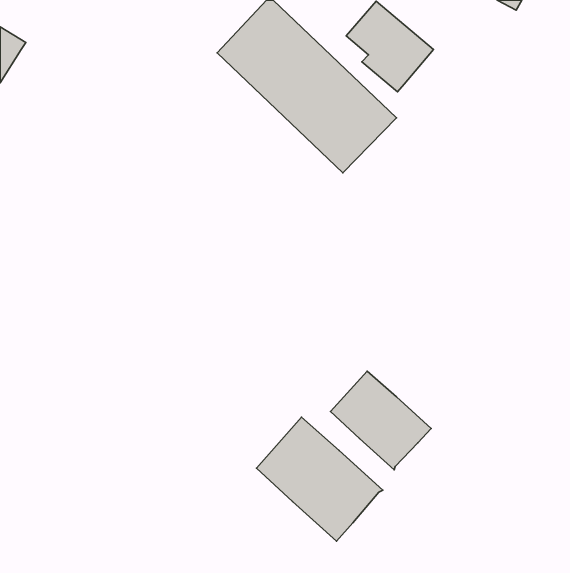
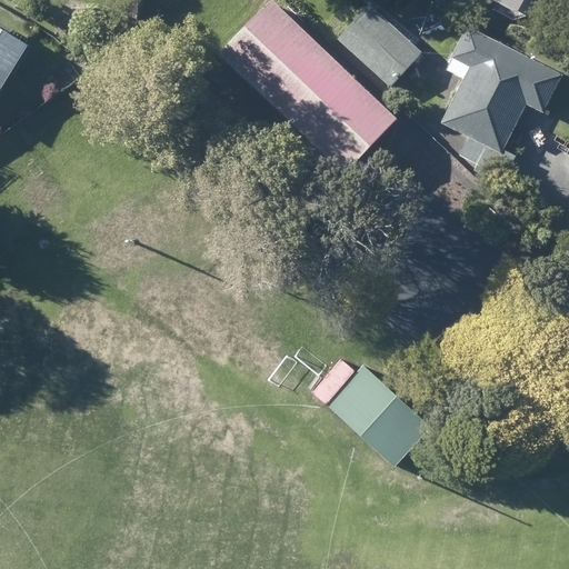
building: none -> [439,26,561,193]
building: [256,417,383,541] -> none

